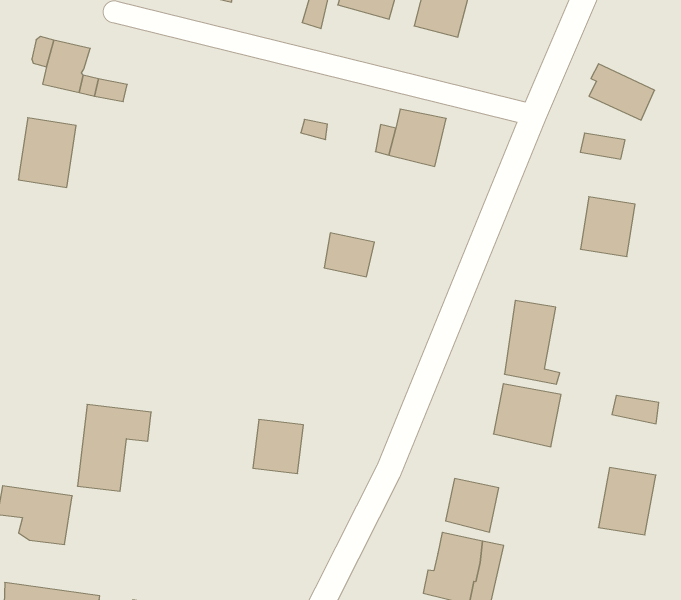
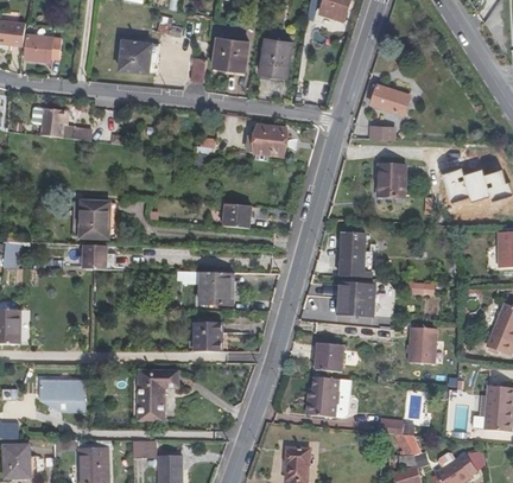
building: [18,118,76,187] -> [78,201,109,240]
building: none -> [82,244,107,269]
building: none -> [198,272,230,305]
building: [77,404,151,491] -> [138,370,177,420]

